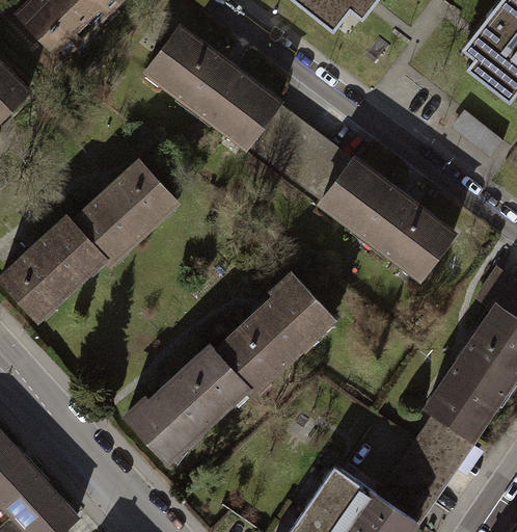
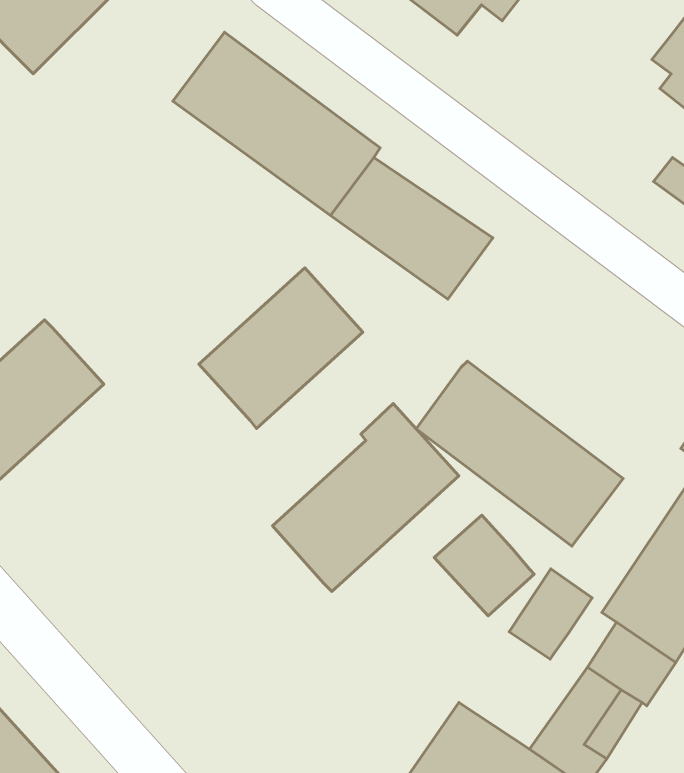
building: [71,161,176,265] -> [199,268,363,428]
building: [326,161,460,281] -> [416,361,623,546]
building: none -> [434,515,534,616]
building: [124,346,246,461] -> none
building: none -> [509,569,592,659]

